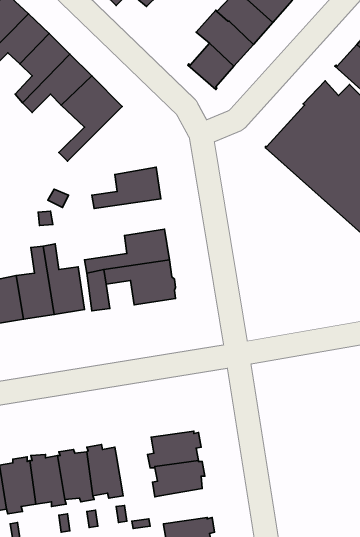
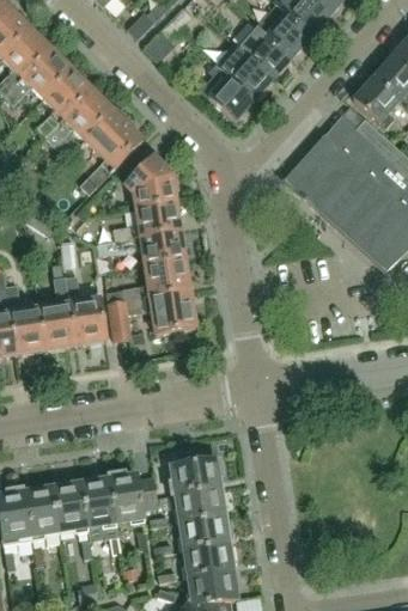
building: none -> [126,154,177,206]
building: none -> [98,230,185,265]
building: none -> [177,514,230,550]

